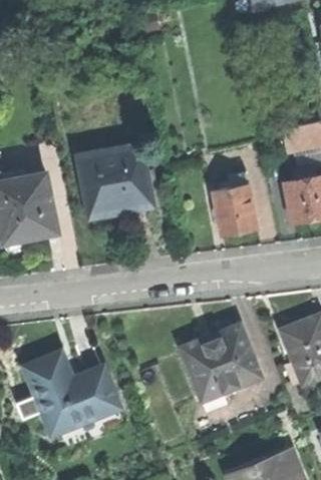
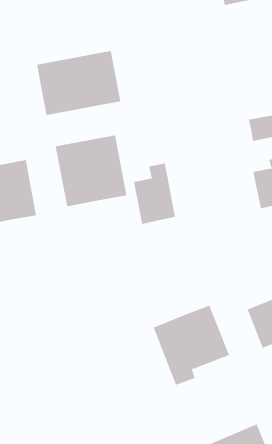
building: none -> [36,50,121,116]
building: [212,171,257,236] -> [133,163,176,225]
building: [27,353,122,436] -> none

